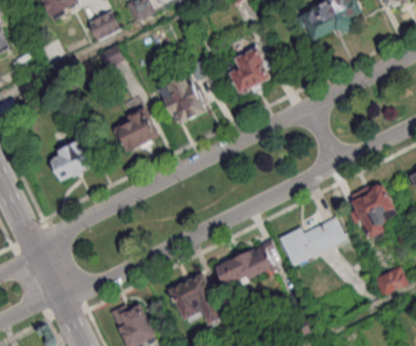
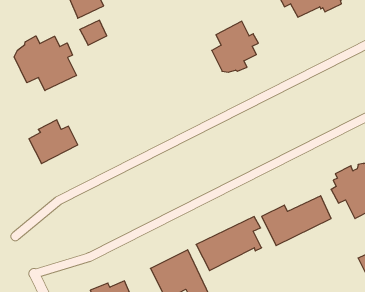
building: none -> [14,36,76,91]
building: [157,62,208,124] -> none
building: [113,107,159,153] -> none

